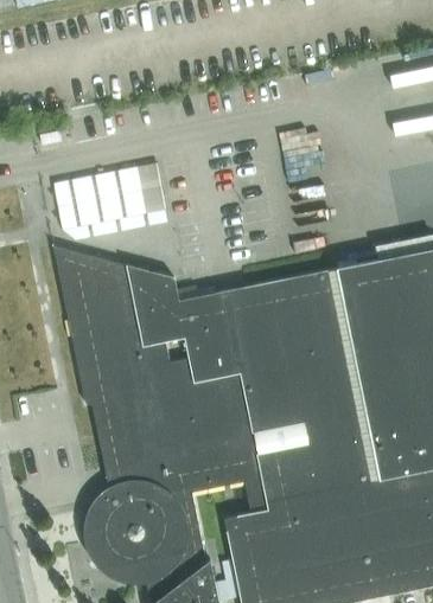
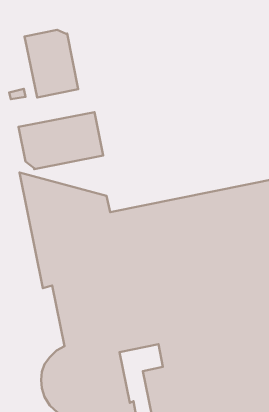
building: none -> [25,30,78,97]

